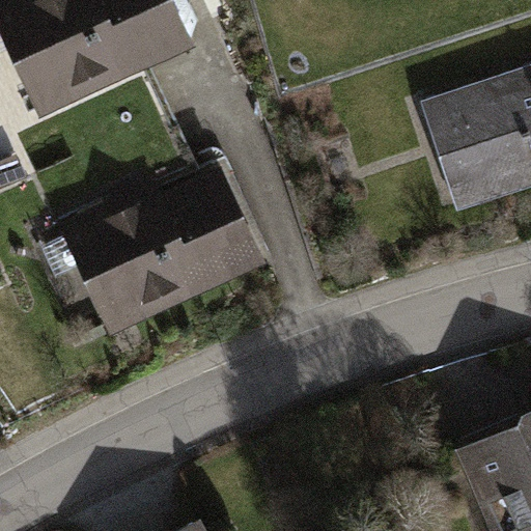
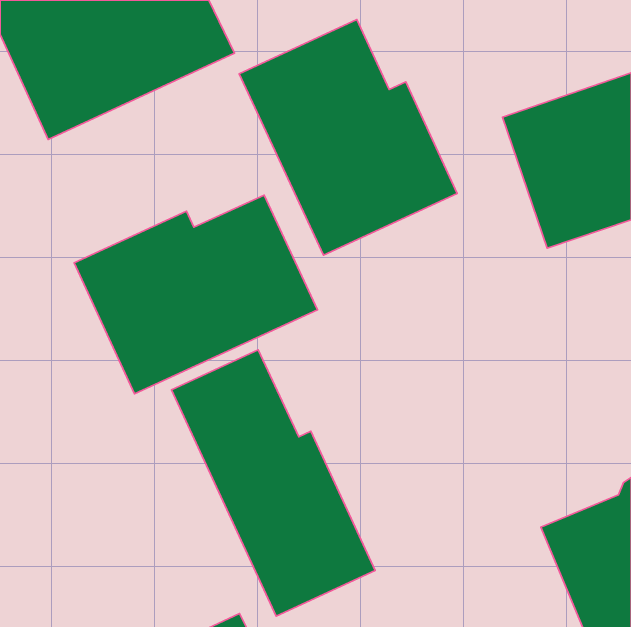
building: none -> [239,20,457,255]
building: none -> [171,350,375,616]

